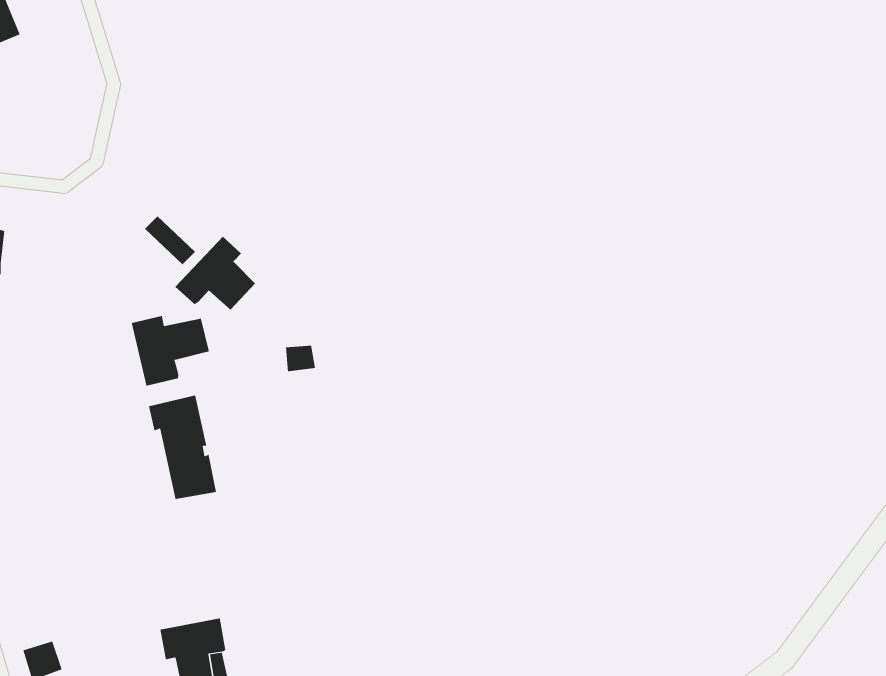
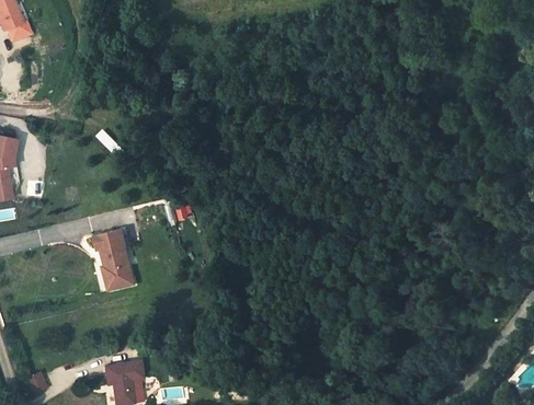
building: [175,236,256,311] -> none
building: [131,315,209,387] -> none

